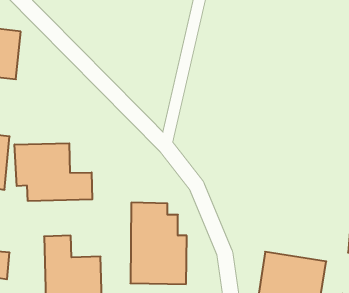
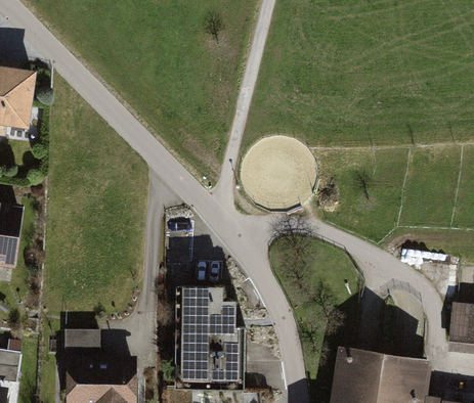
building: [15,143,92,201] -> none

